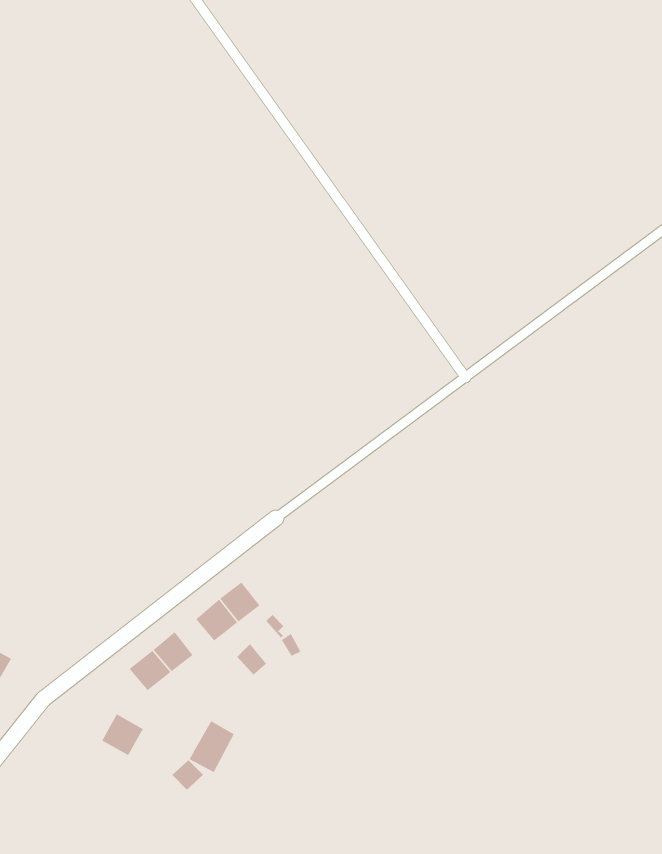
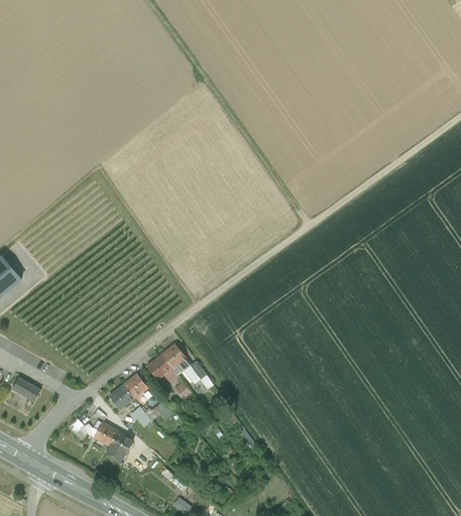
building: [188,720,235,773] -> [104,431,131,463]

